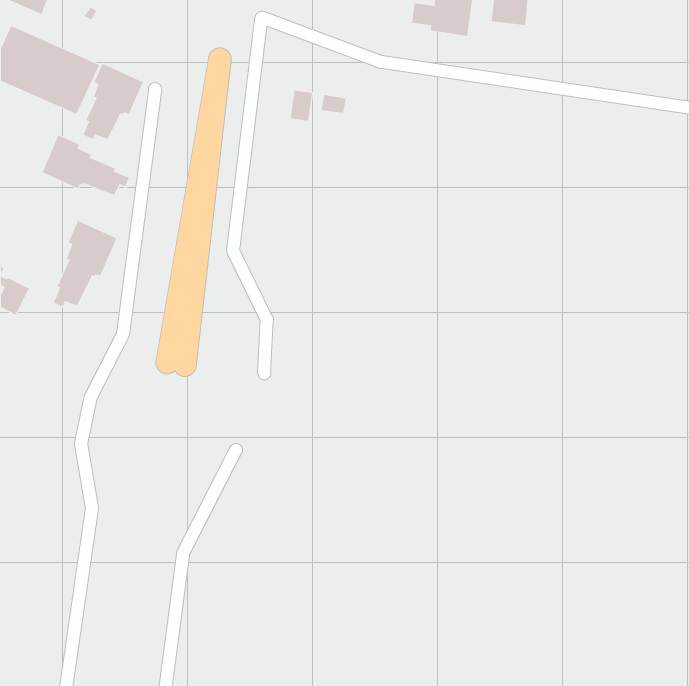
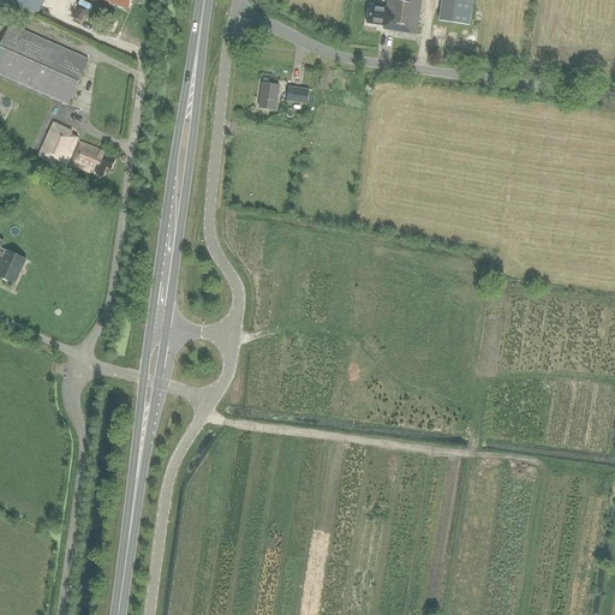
building: [83,63,144,140] -> none
building: [53,220,117,307] -> none

